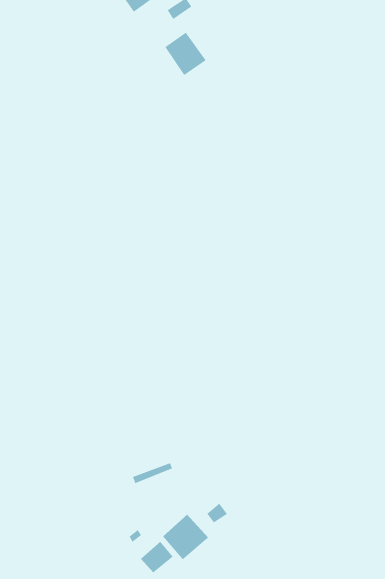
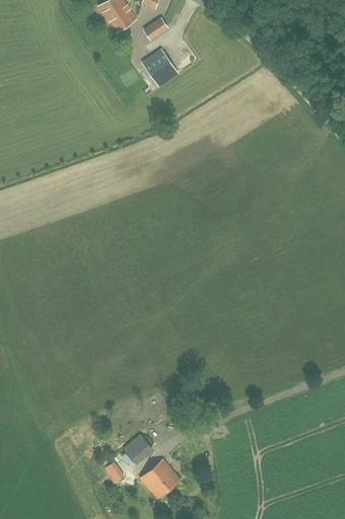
building: [140,541,174,573] -> [122,434,150,461]

